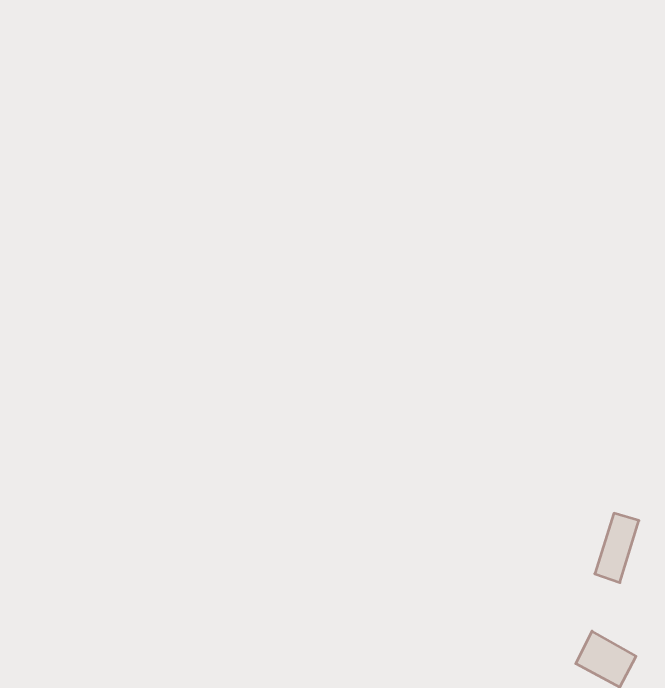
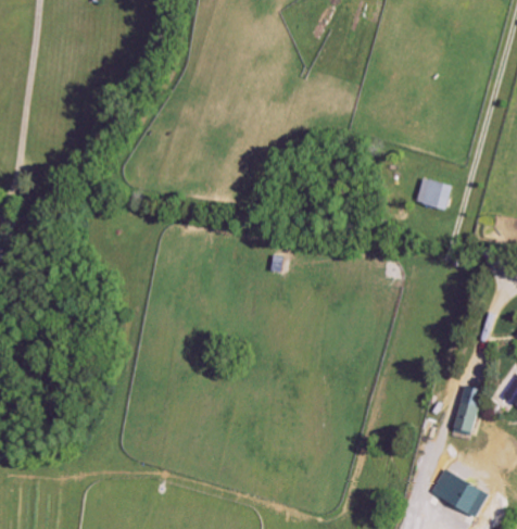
building: none -> [416,179,452,209]

